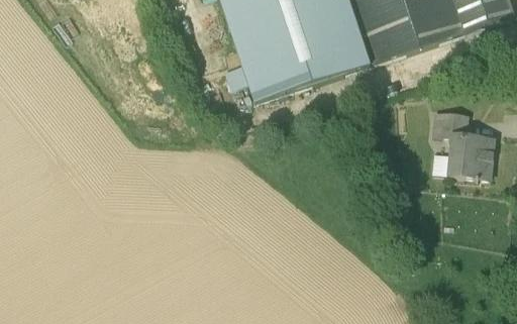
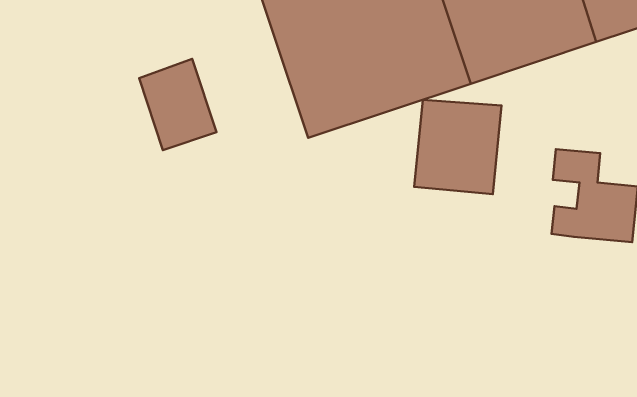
building: none -> [139,59,217,150]
building: none -> [414,100,501,194]

